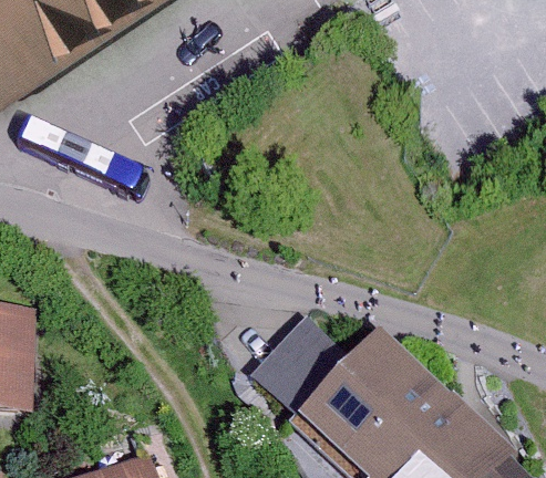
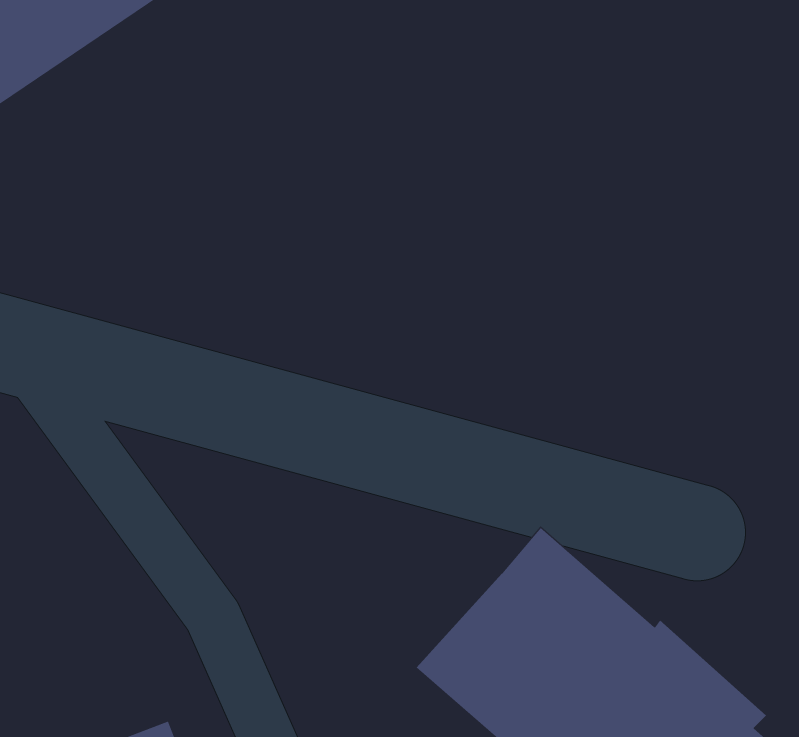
building: [251,316,353,419] -> none

